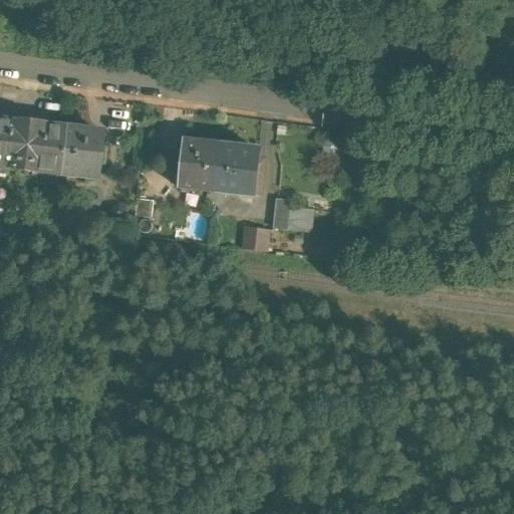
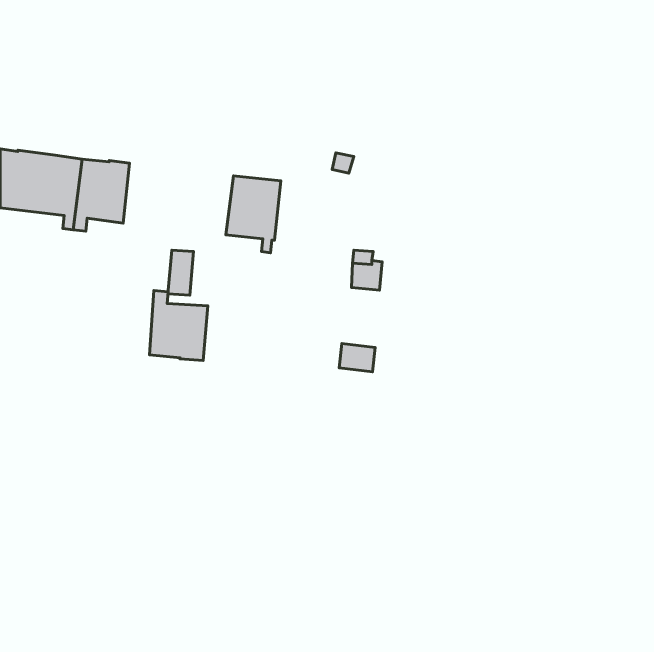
building: [213,142,258,199] -> none
building: [242,225,270,247] -> [339,344,375,372]
building: none -> [150,290,208,361]

